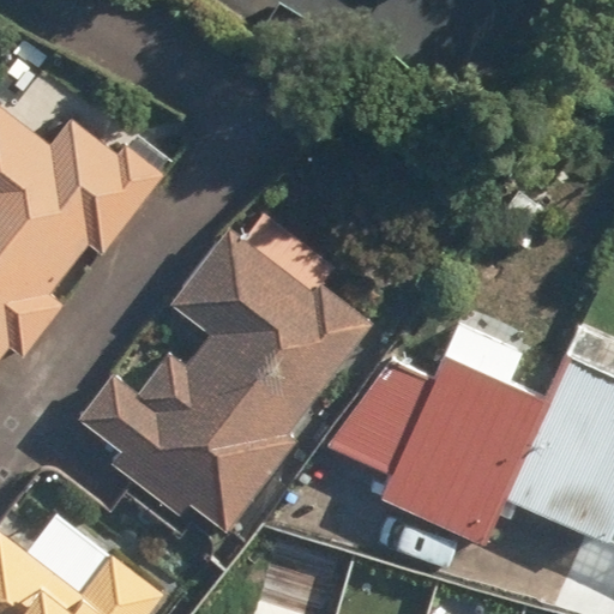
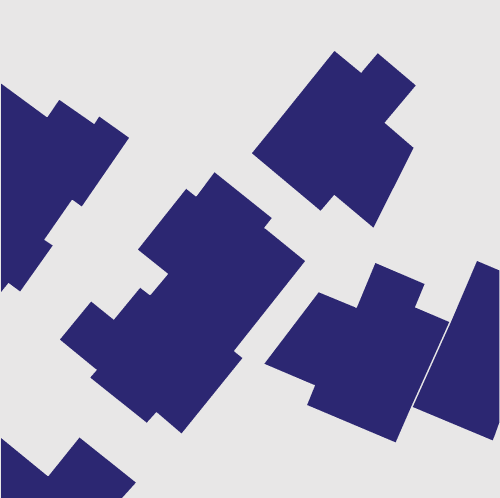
building: none -> [251,50,417,229]

